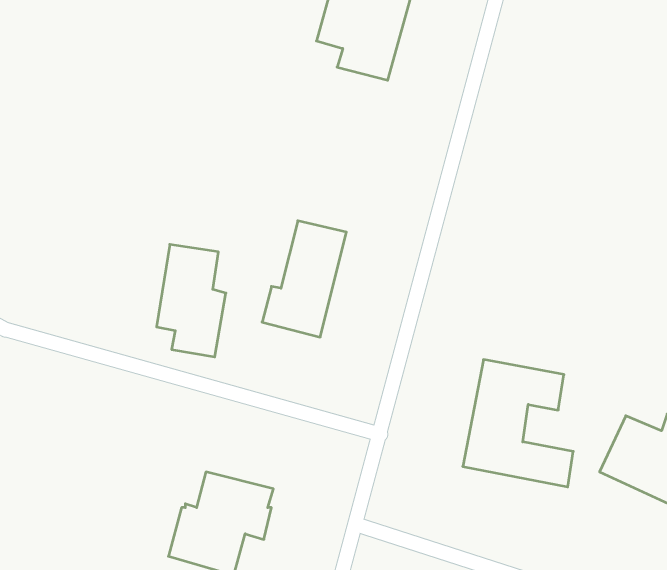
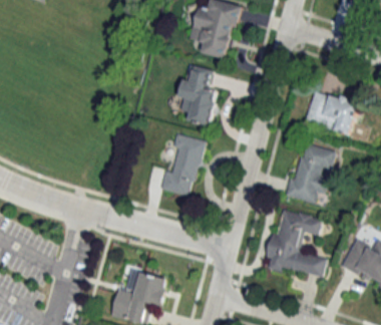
building: none -> [304,89,359,136]
building: none -> [284,143,335,205]
building: [157,244,226,357] -> [178,66,216,126]

